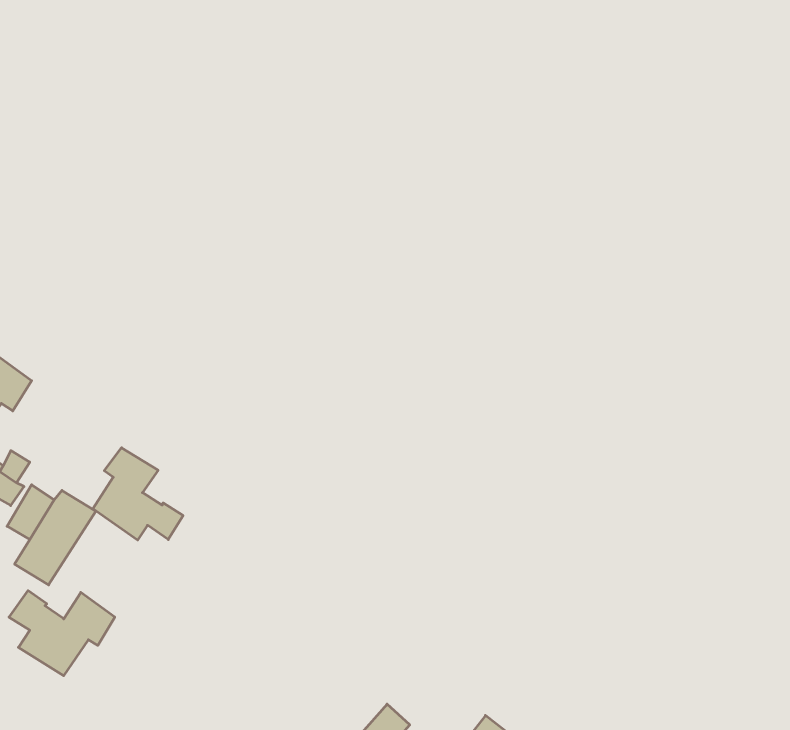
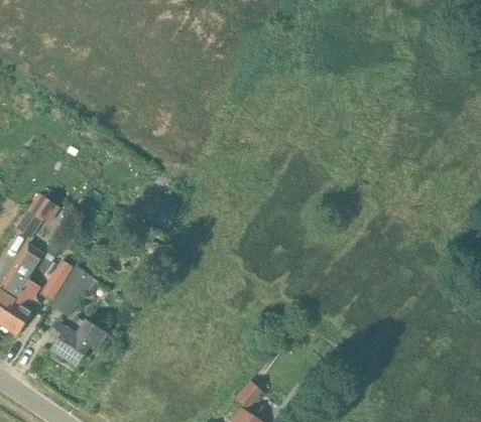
building: [93,448,183,540] -> none

